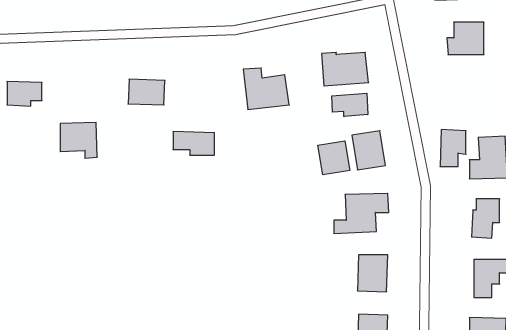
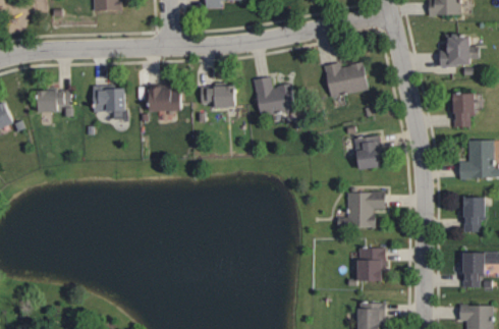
building: [332,93,368,117] -> none
building: [60,122,97,158] -> [92,85,125,117]
building: [440,130,466,167] -> [453,93,477,126]
building: [173,132,214,155] -> [200,86,237,107]
building: [318,141,350,175] -> none

